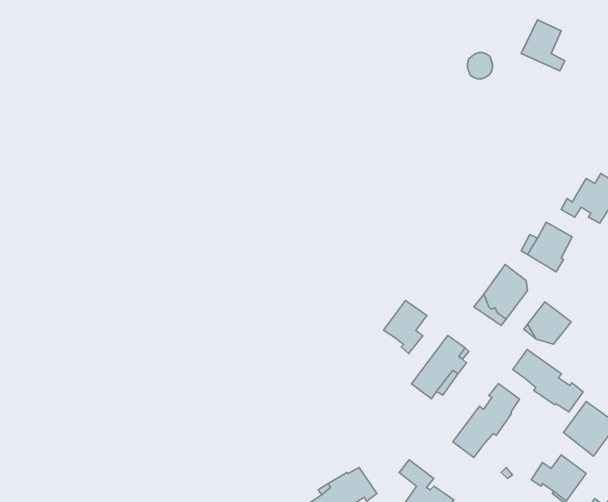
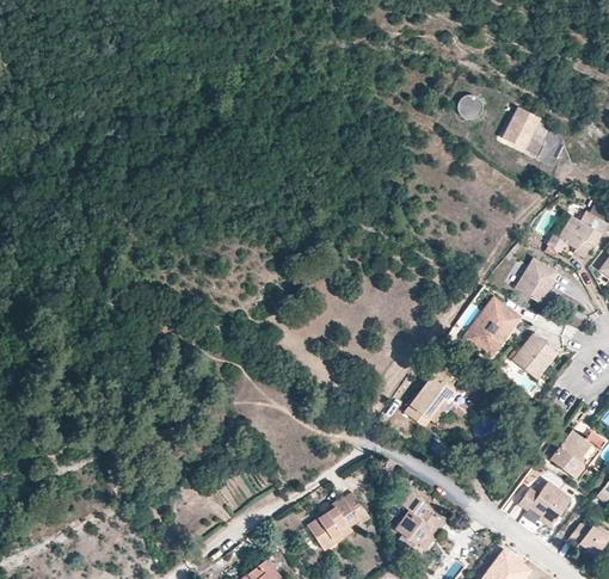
building: [521,20,565,71] -> [502,106,543,155]
building: [384,300,427,353] -> none
building: [513,349,583,412] -> none
building: [453,383,519,457] -> none

